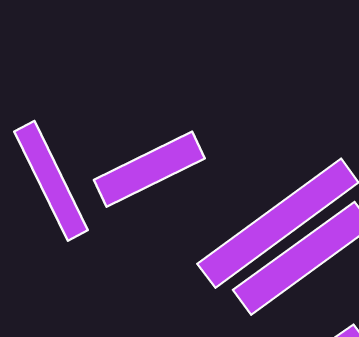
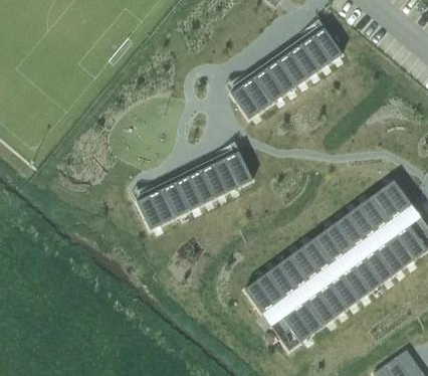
building: none -> [230,27,341,119]
building: [14,121,88,241] -> none

